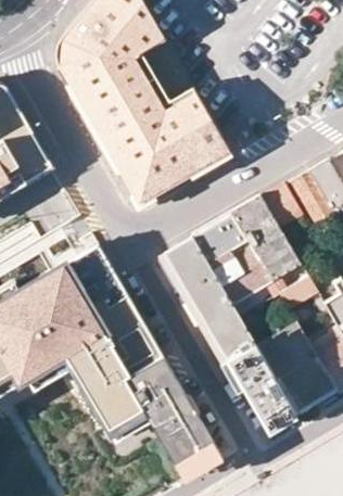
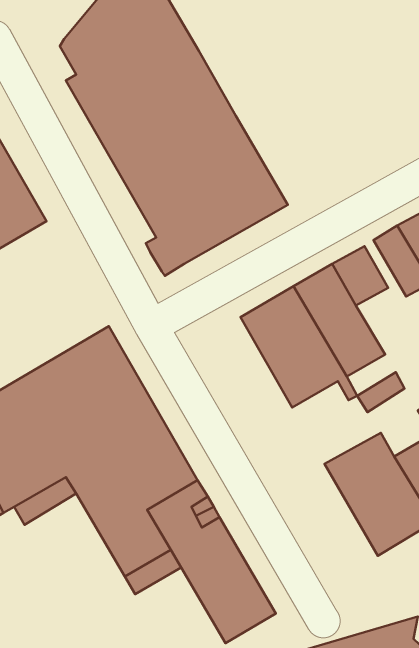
building: [166,241,293,433] -> none

